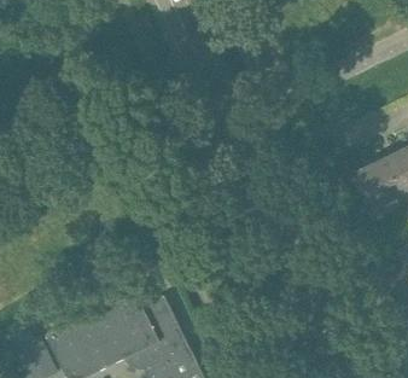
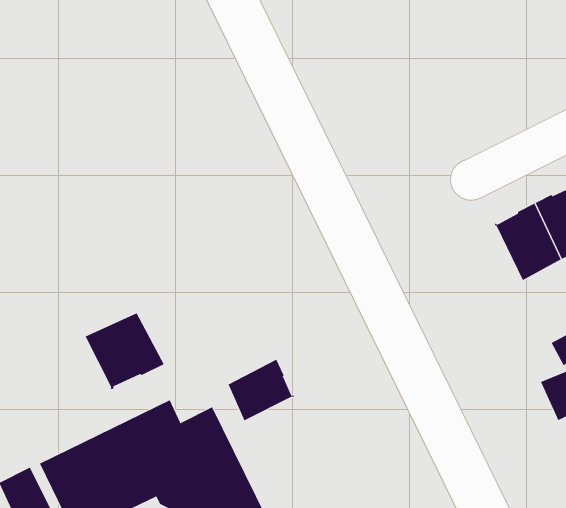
building: none -> [85,313,164,390]
building: none -> [228,359,294,421]

